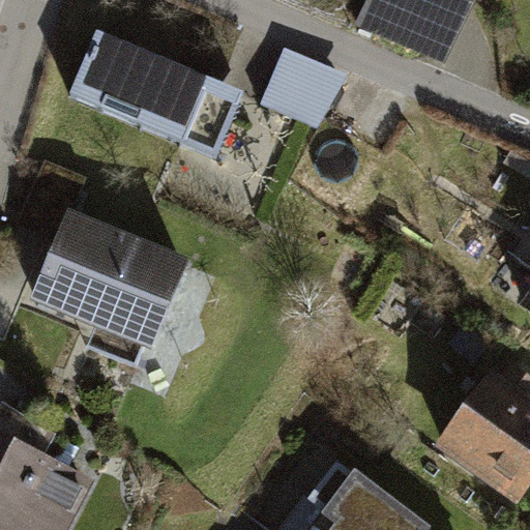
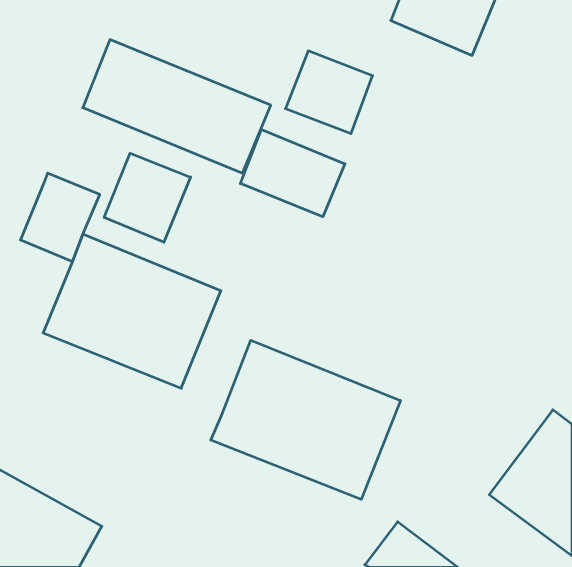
building: none -> [240,130,345,217]
building: none -> [104,153,191,242]
building: none -> [211,340,400,499]

